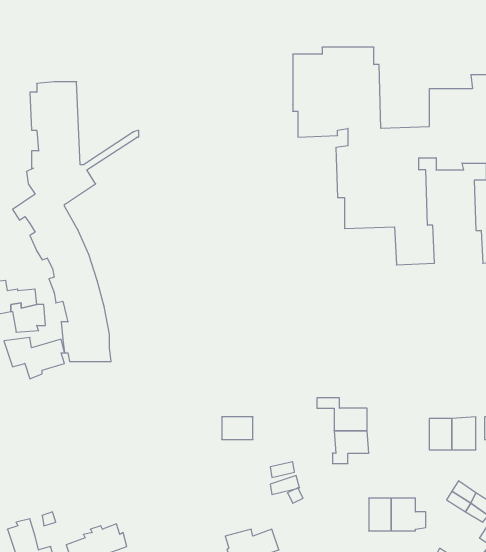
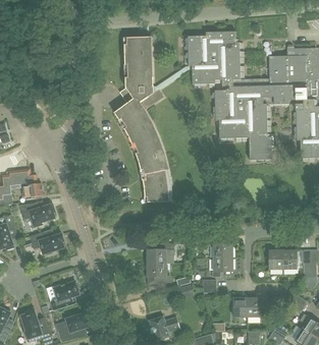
building: [13,82,139,362] -> [114,37,189,202]
building: none -> [29,232,64,255]
building: none -> [147,263,170,284]
building: none -> [49,281,81,310]

